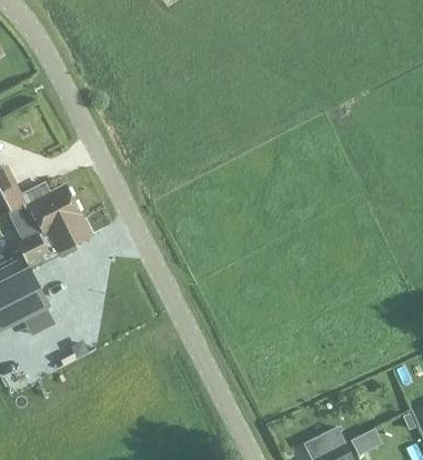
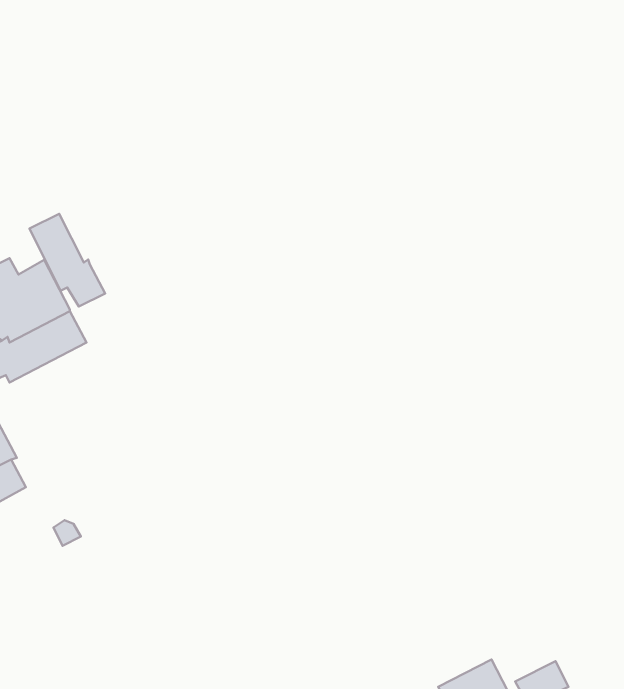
building: none -> [29,214,105,306]

